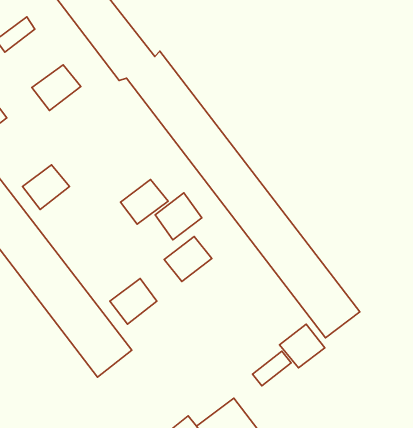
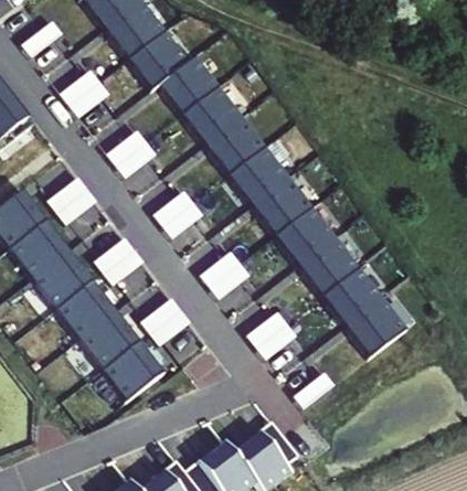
building: none -> [106,130,156,178]
building: [155,193,202,240] -> none
building: none -> [95,236,145,284]
building: none -> [245,311,296,360]
building: [280,324,325,368] -> none

